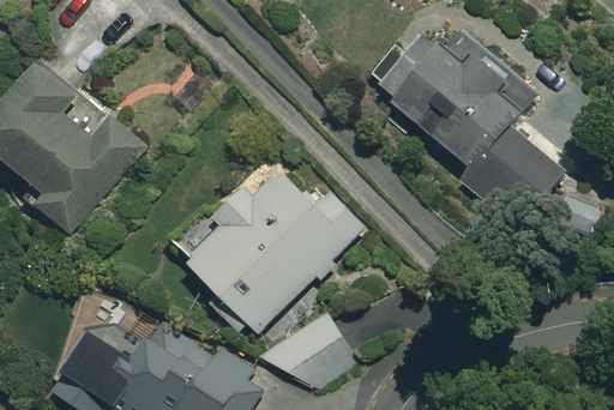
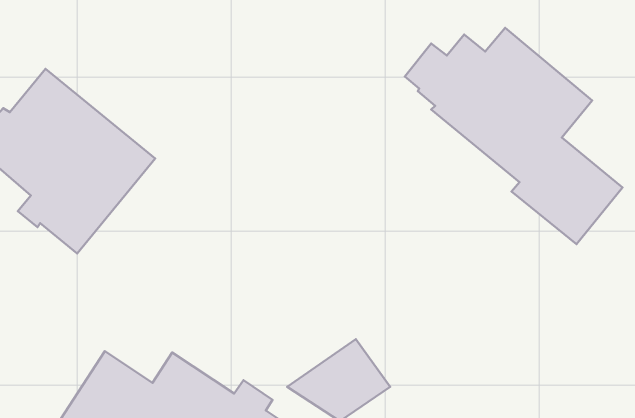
building: [169,175,365,331] -> none

